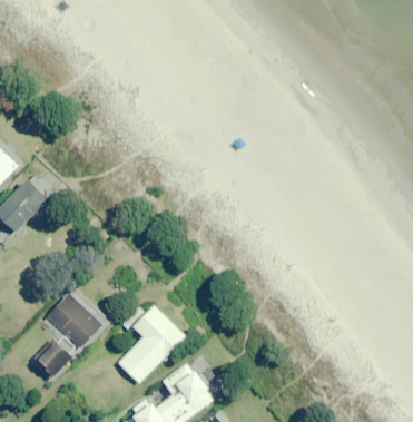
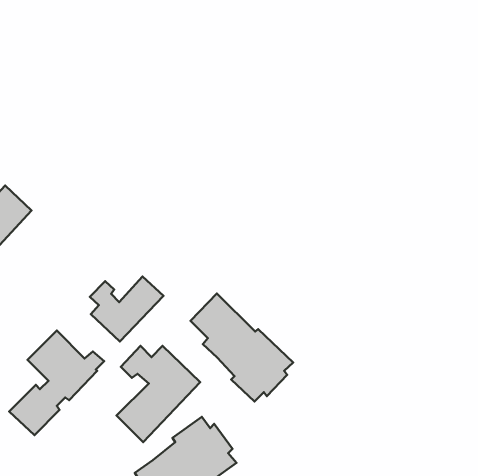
building: none -> [90,276,164,341]
building: none -> [190,294,293,402]

